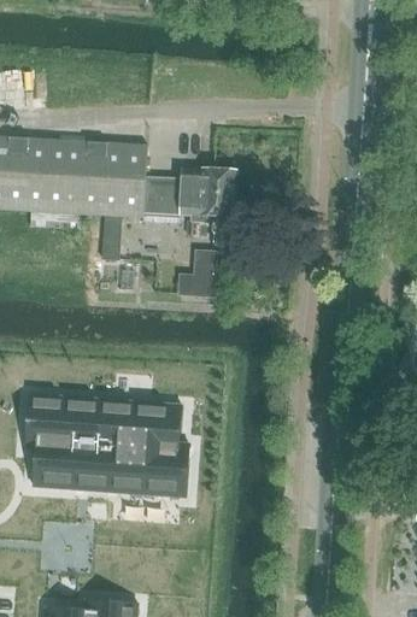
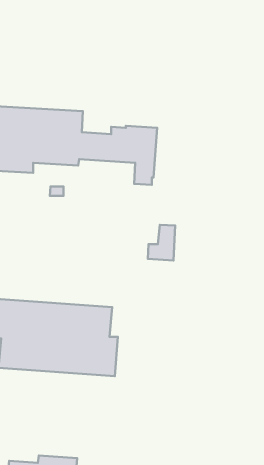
building: [180,249,216,296] -> [148,225,175,261]

